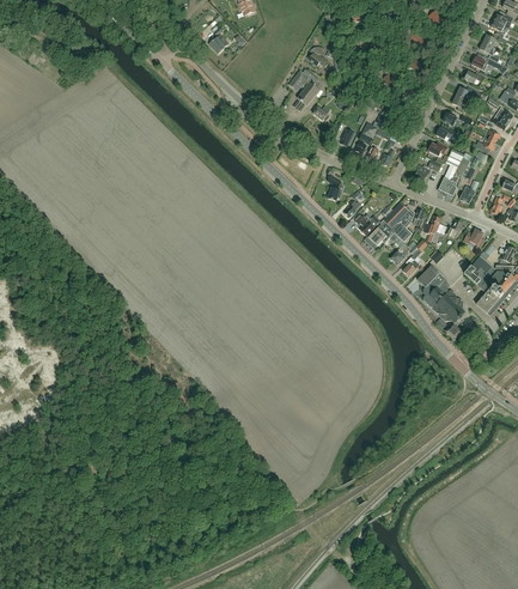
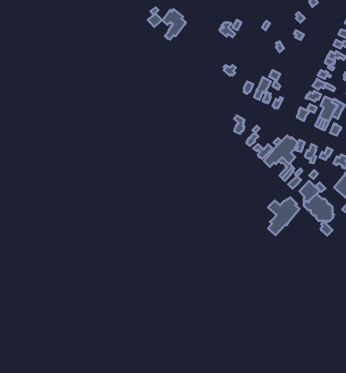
building: [290,68,322,110] -> [162,9,186,40]
building: none -> [268,197,300,235]

